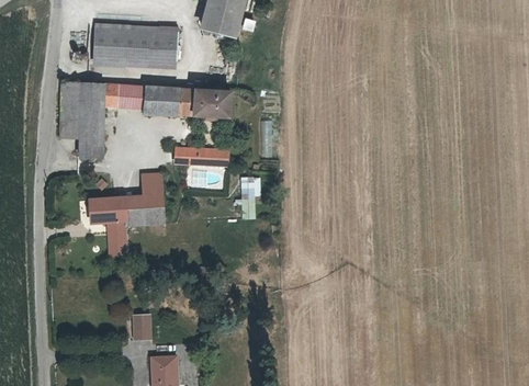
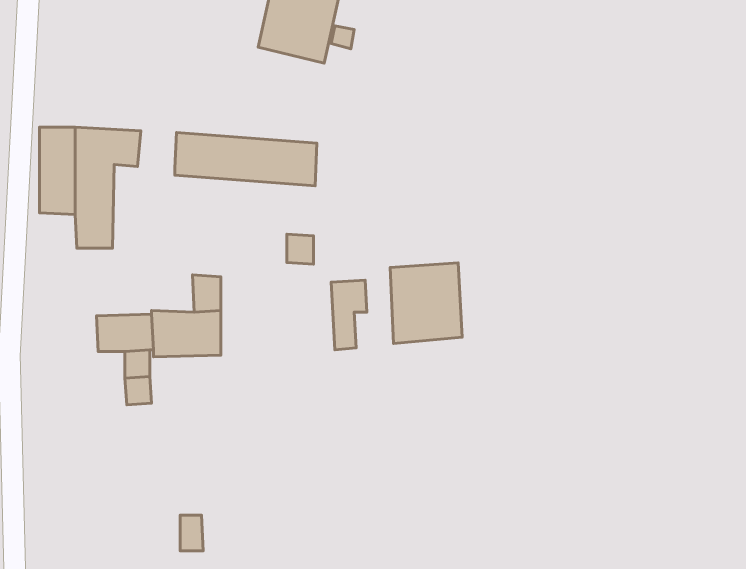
building: [91,24,176,67] -> none
building: [120,83,144,106] -> none
building: [178,145,212,164] -> none
building: none -> [390,263,462,344]

